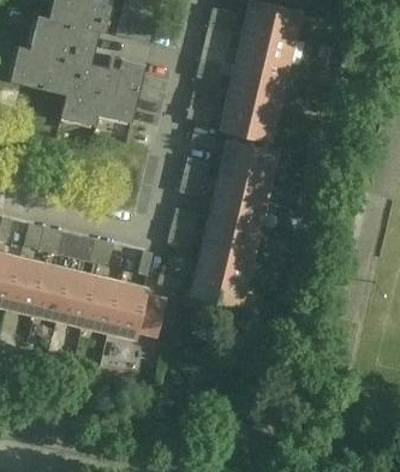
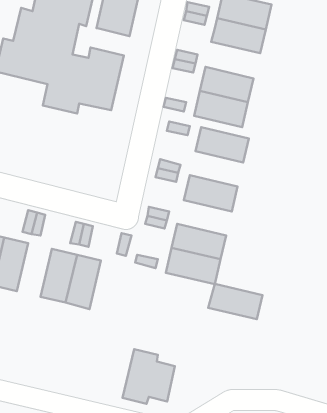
building: [231,50,288,89] -> none
building: [214,166,270,203] -> none
building: [201,217,258,255] -> [208,284,263,319]
building: [31,263,68,319] -> none
building: [108,281,163,339] -> [123,349,175,404]

